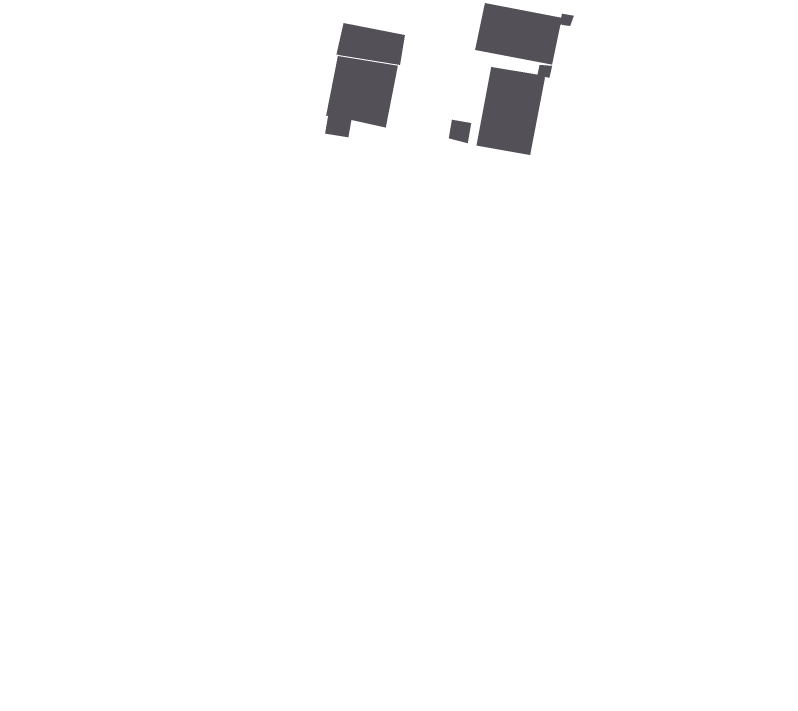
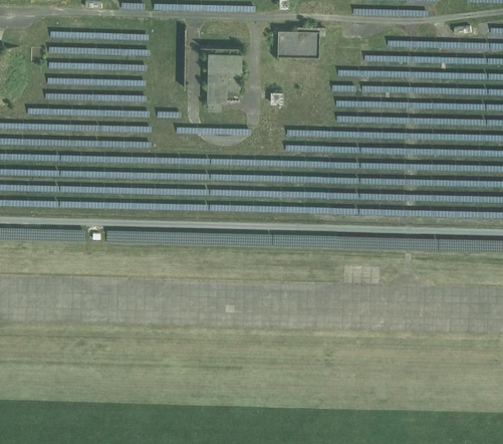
building: [476,64,553,156] -> none

